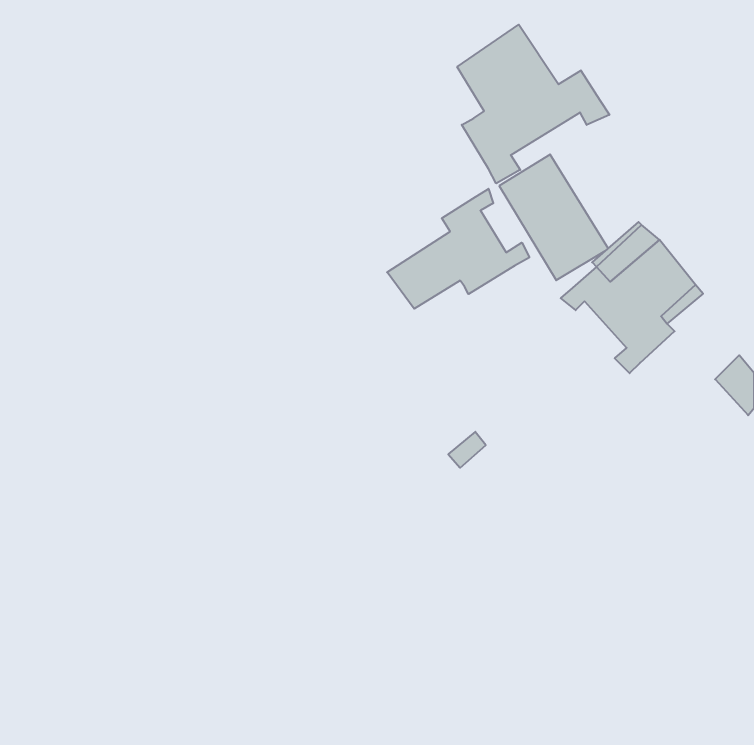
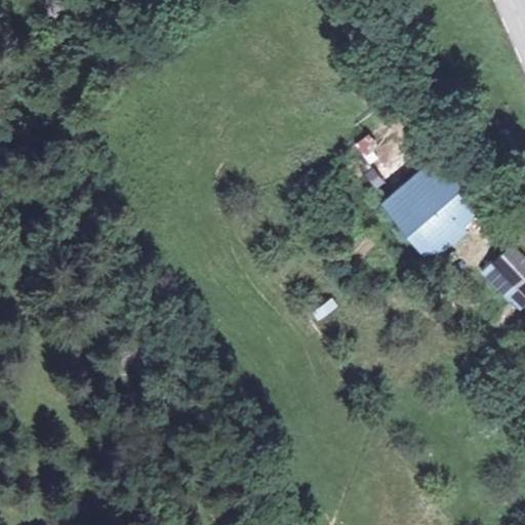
building: [457,25,609,183] -> none
building: [387,189,529,309] -> none

